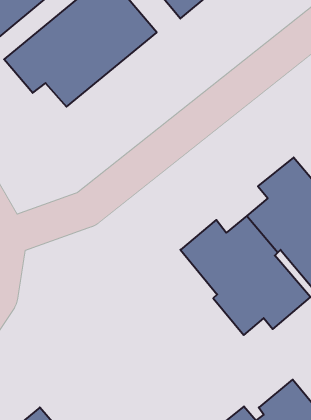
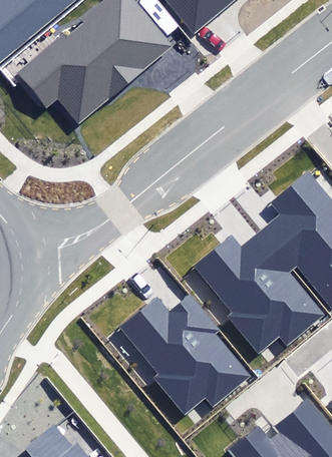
building: none -> [119,294,251,415]

